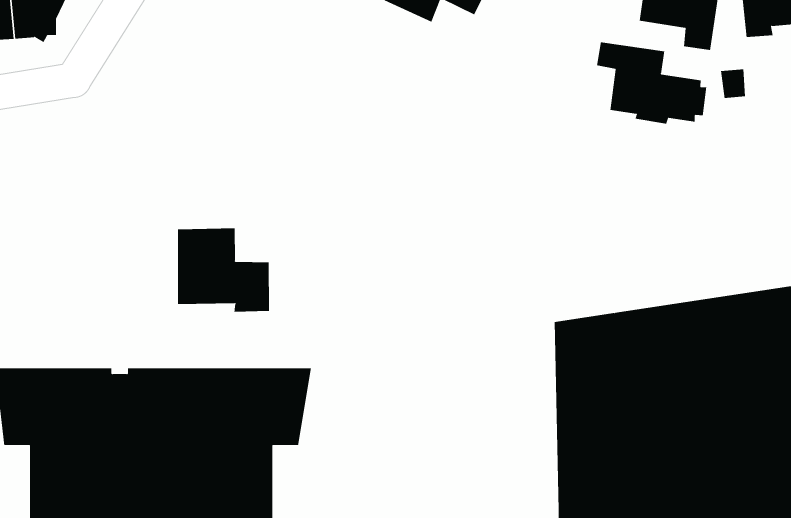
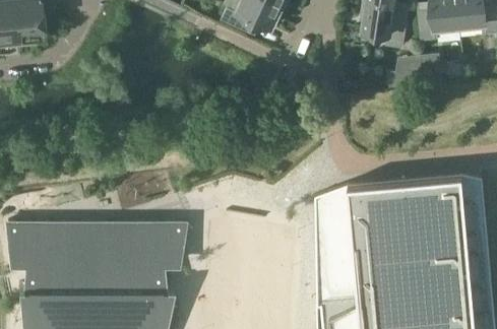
building: [596,41,707,125] -> none
building: [177,227,270,313] -> none

